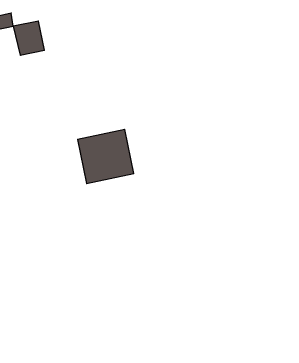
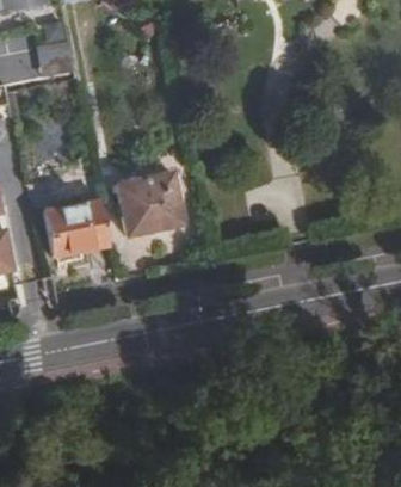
building: none -> [45,197,110,254]

